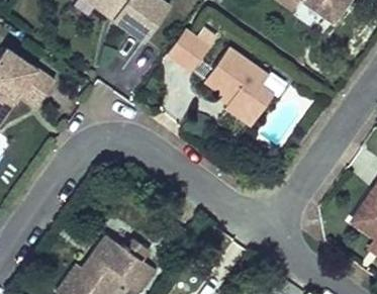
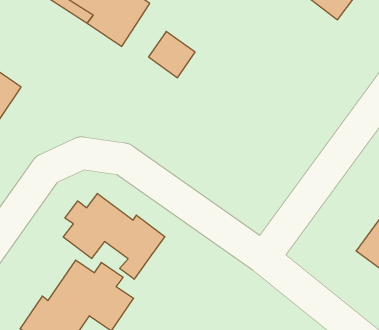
building: [208,45,277,124] -> none
building: none -> [63,193,165,279]

